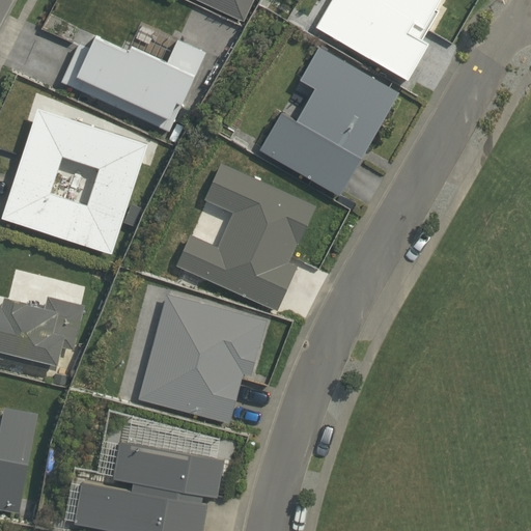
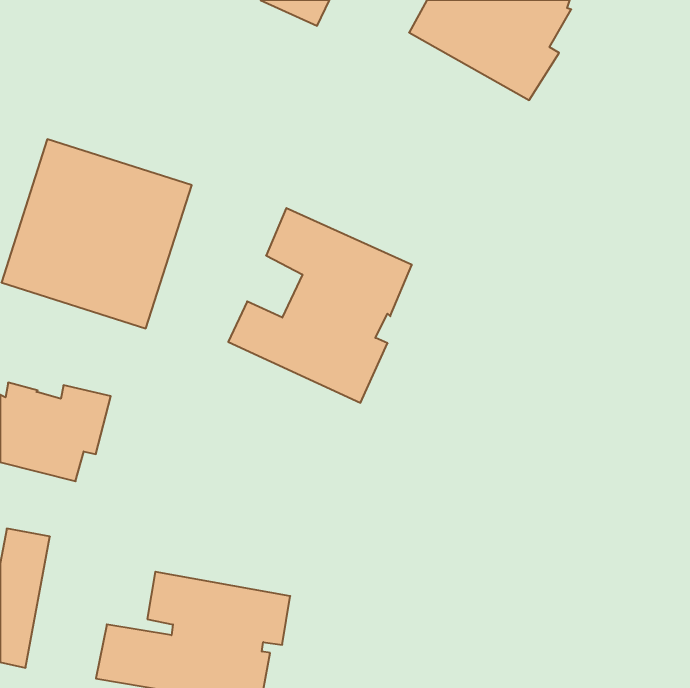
building: [60,32,206,133] -> none
building: [258,45,399,194] -> none
building: [137,292,267,424] -> none

